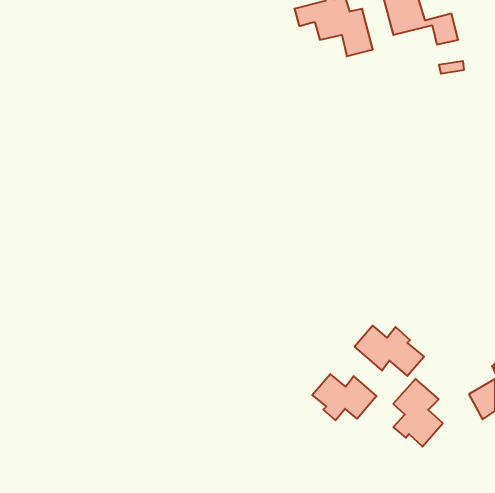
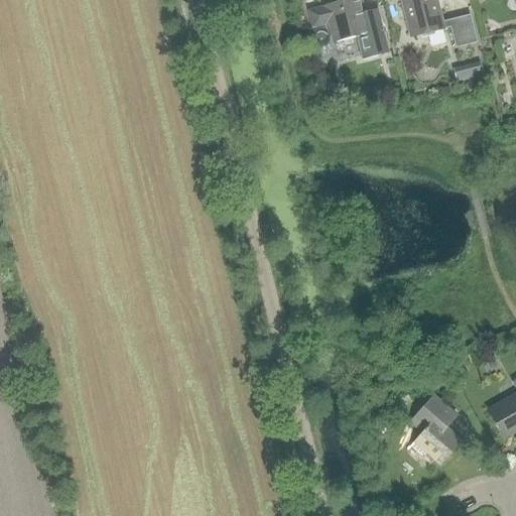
building: [355,326,424,376] -> none
building: [312,374,377,420] -> none

